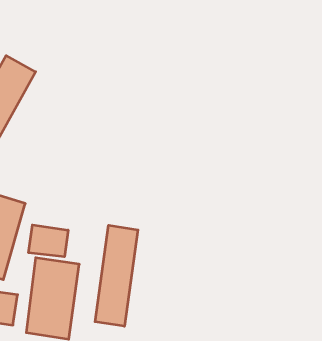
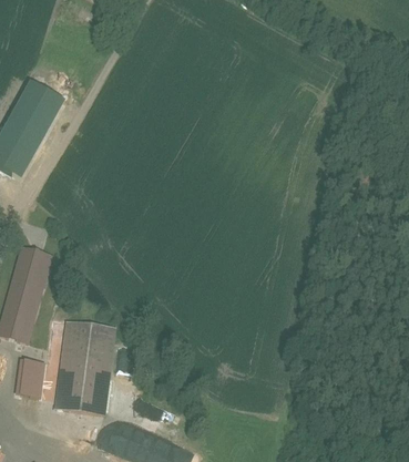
building: [29,225,68,257] -> none
building: [95,225,138,326] -> none

